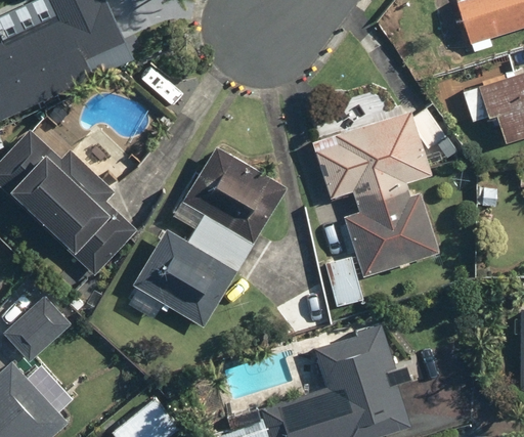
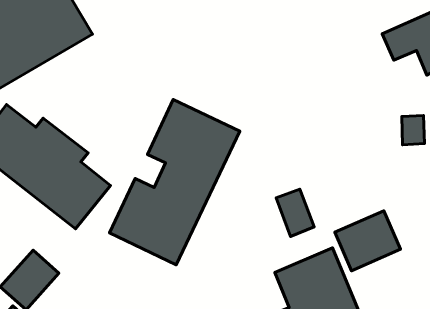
building: [315,111,440,277] -> none
building: none -> [335,211,401,271]

